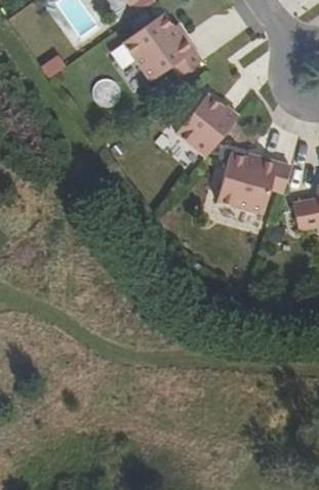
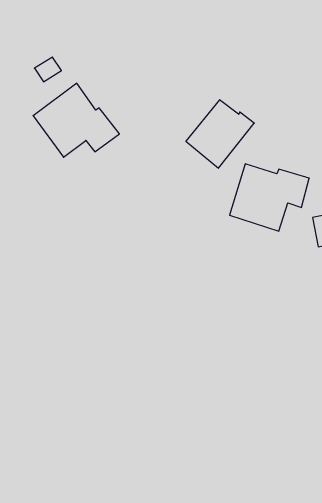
building: [124,12,203,80] -> [33,83,119,157]

